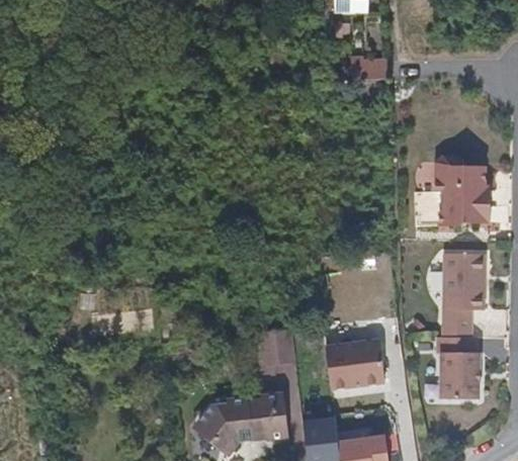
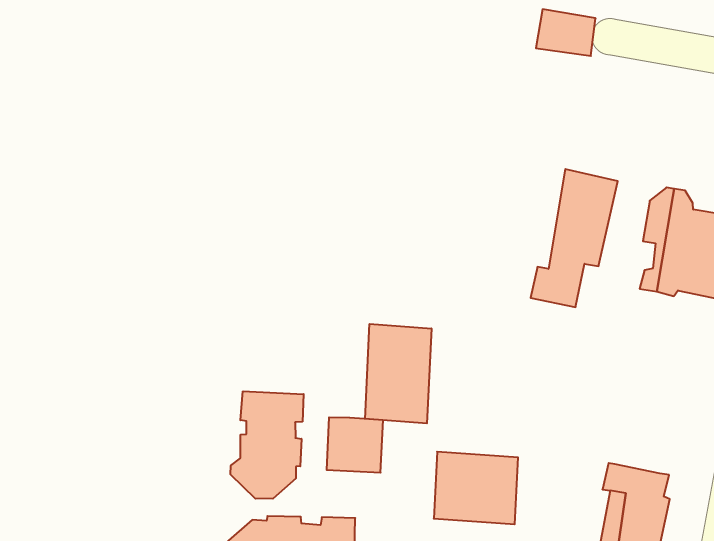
building: [440,249,483,335] -> [531,169,618,307]
building: none -> [365,324,431,423]
building: none -> [231,391,304,499]

